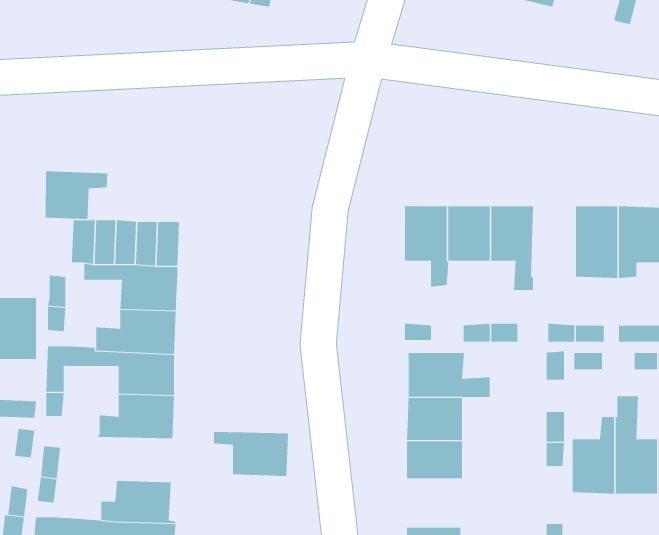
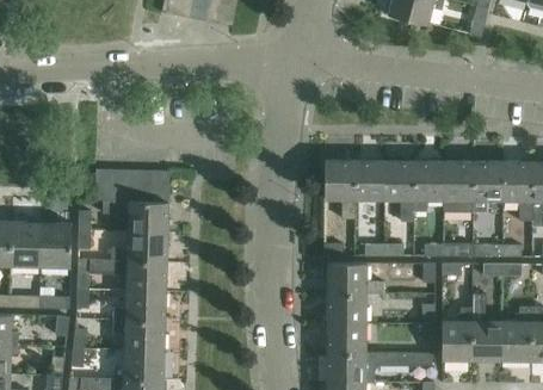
building: [45,170,108,220] -> none
building: none -> [413,162,443,211]
building: [213,431,289,476] -> [112,322,165,353]
building: none -> [326,351,434,384]

